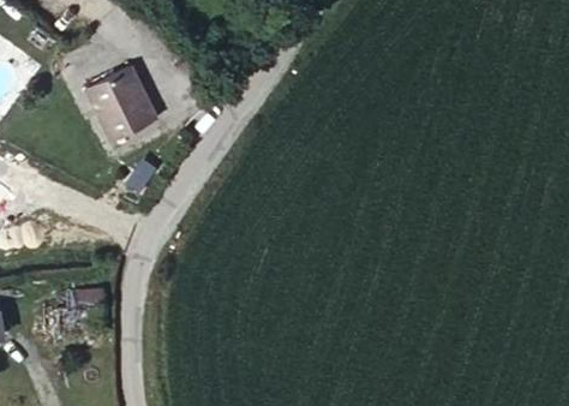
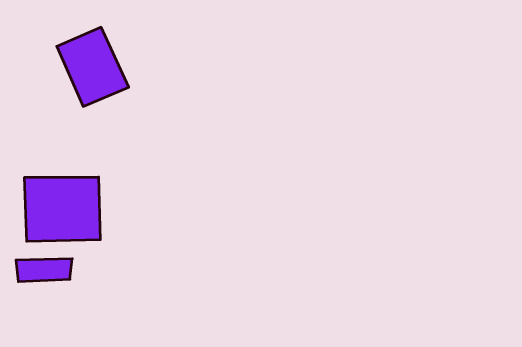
building: none -> [25,177,100,241]

